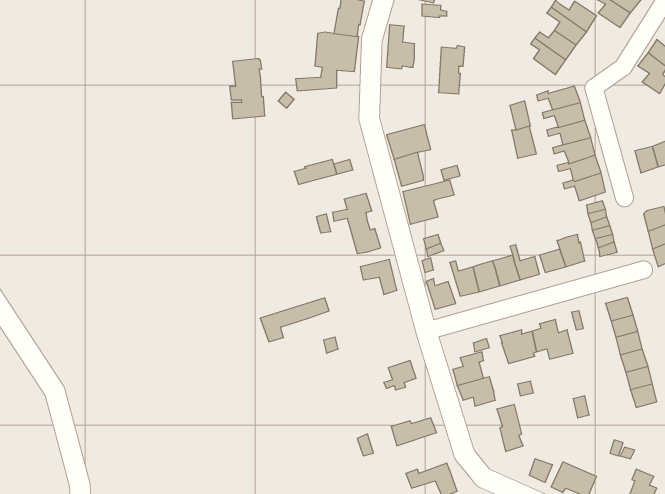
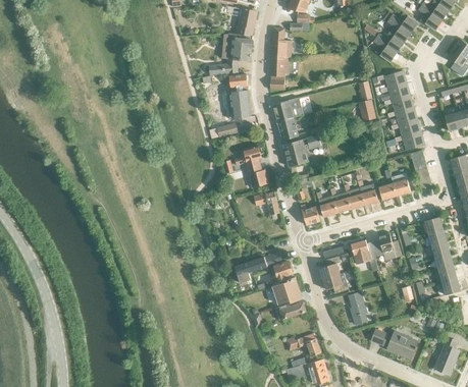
building: [438,46,465,94] -> [270,57,289,91]
building: [230,59,265,119] -> [226,74,251,116]
building: [260,298,329,342] -> [233,253,281,283]
building: none -> [272,277,303,305]

